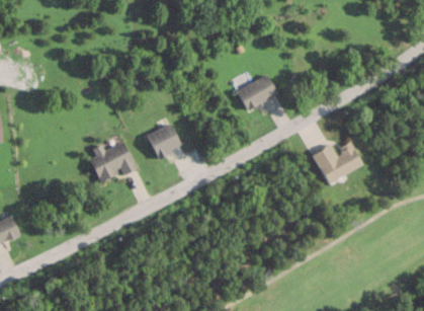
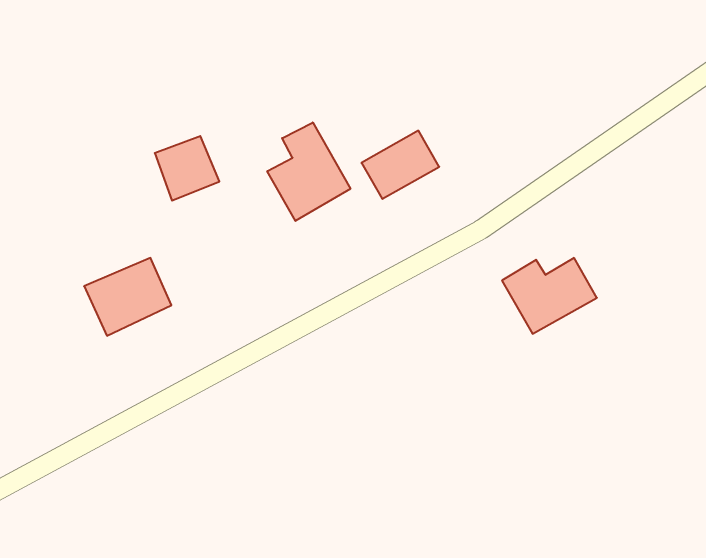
building: none -> [267,122,350,221]
building: [145,125,179,159] -> [155,136,219,201]

